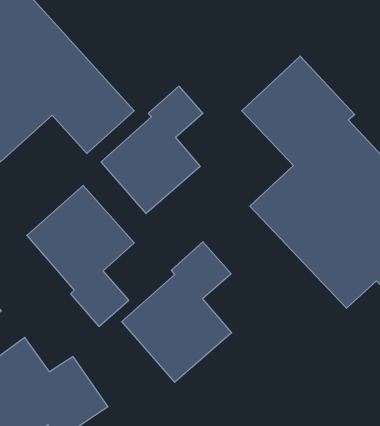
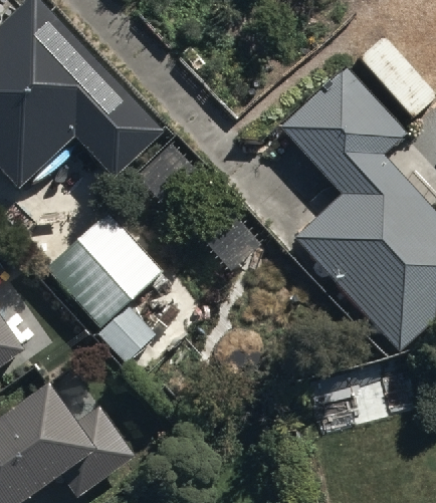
building: [101,86,203,214] -> none
building: [122,242,232,382] -> none

